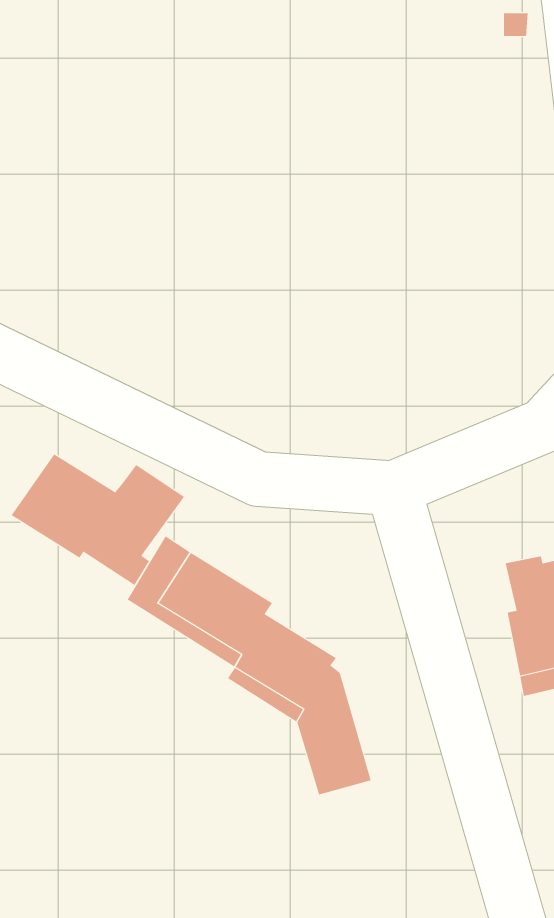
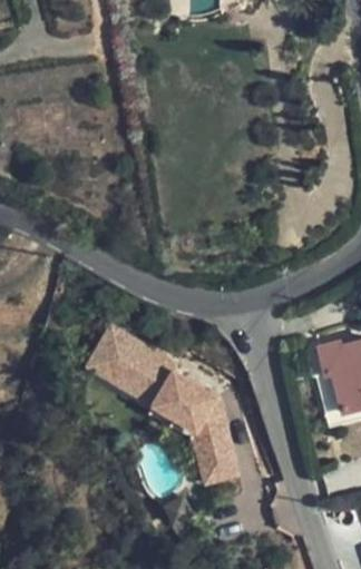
building: [11,454,185,586] -> none

